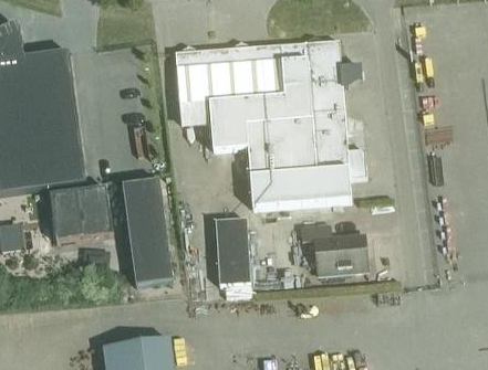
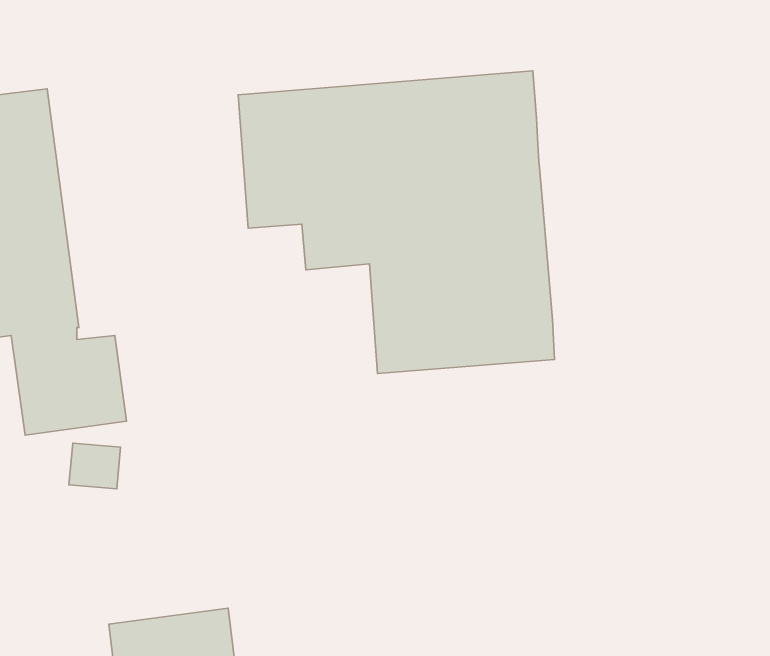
building: [123,179,173,284] -> none
building: [216,219,250,285] -> none
building: [300,223,367,274] -> none

